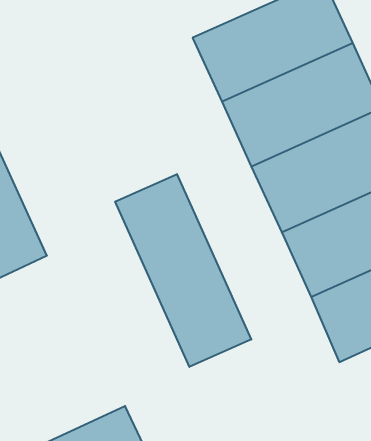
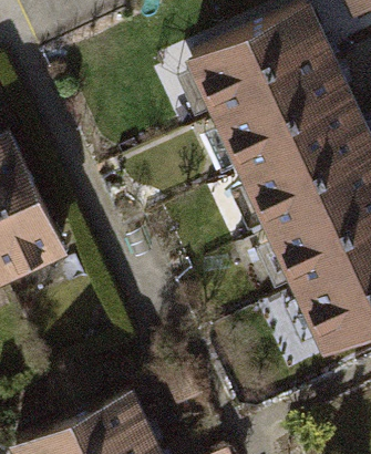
building: [115,174,251,367] -> none

